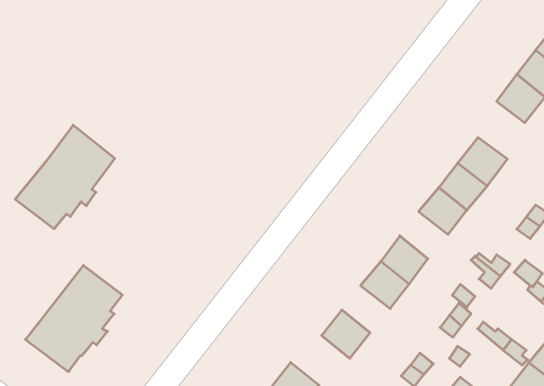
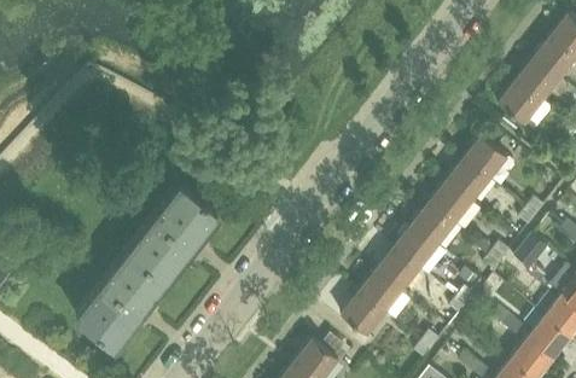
building: [15,125,115,229] -> [127,185,216,278]
building: none -> [411,203,454,245]
building: none -> [359,269,402,312]

